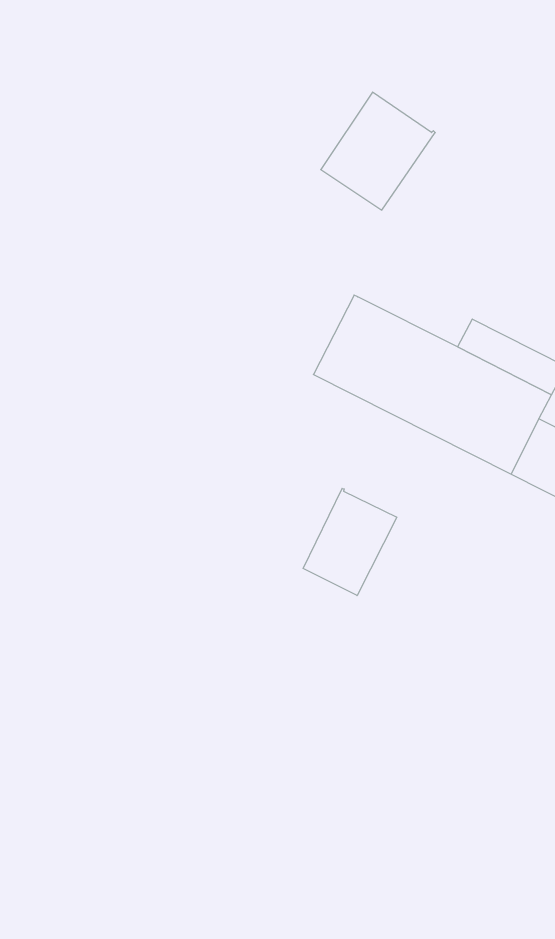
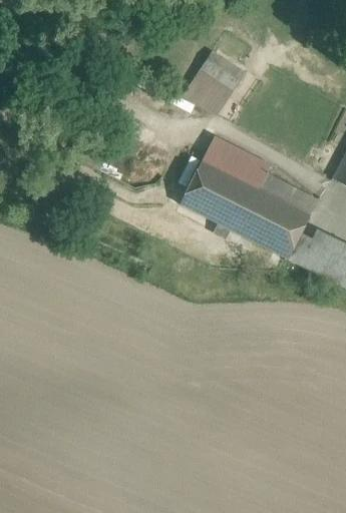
building: none -> [204,138,270,188]
building: [303,488,397,596] -> none

